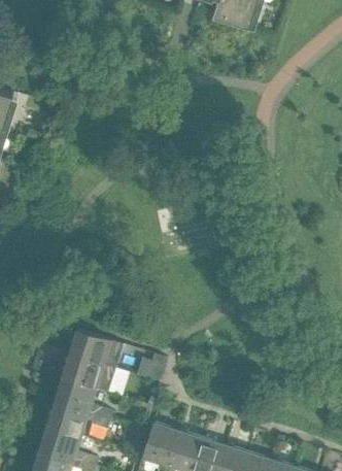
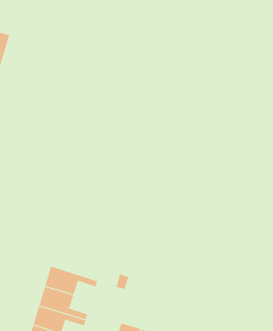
building: [68,331,128,373] -> none

